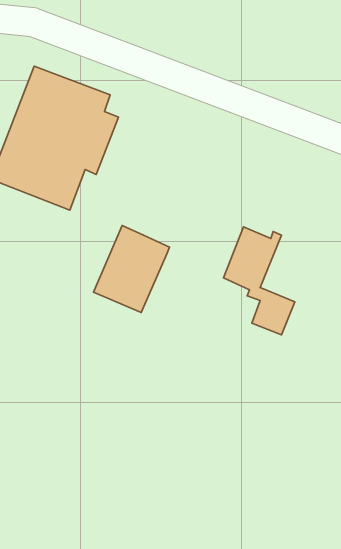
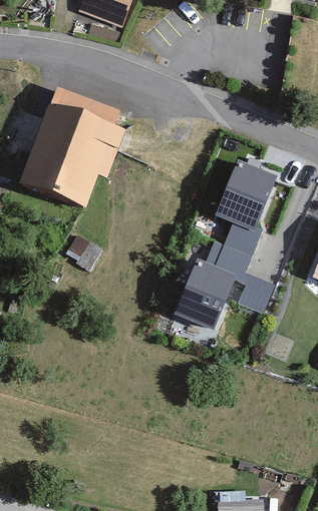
building: none -> [216,159,279,232]
building: [93,226,170,313] -> [174,258,238,331]

